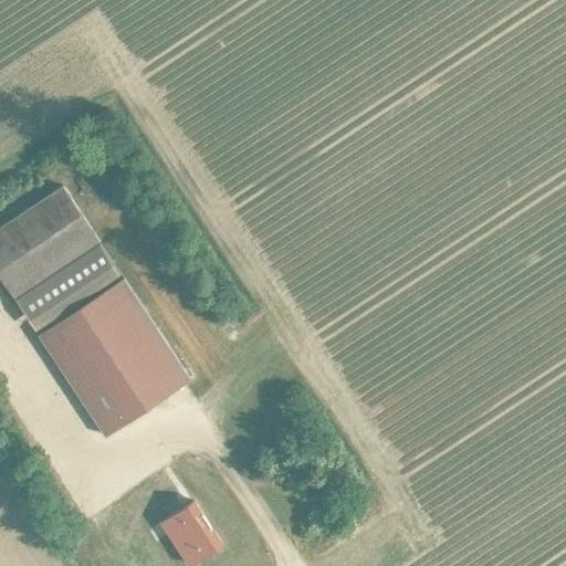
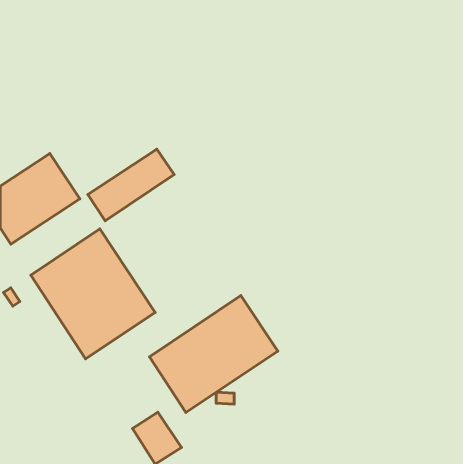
building: [14,242,119,329] -> [88,149,174,221]
building: none -> [150,296,278,412]

